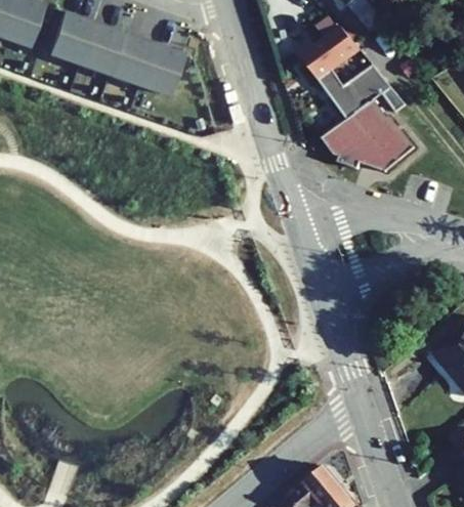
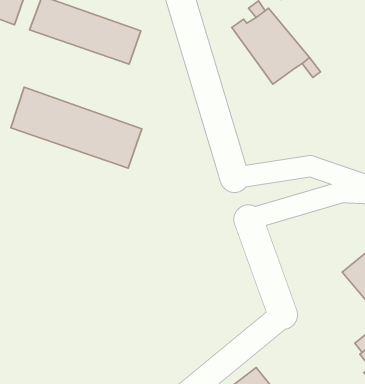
building: [323,100,415,172] -> none
building: none -> [11,87,142,168]

